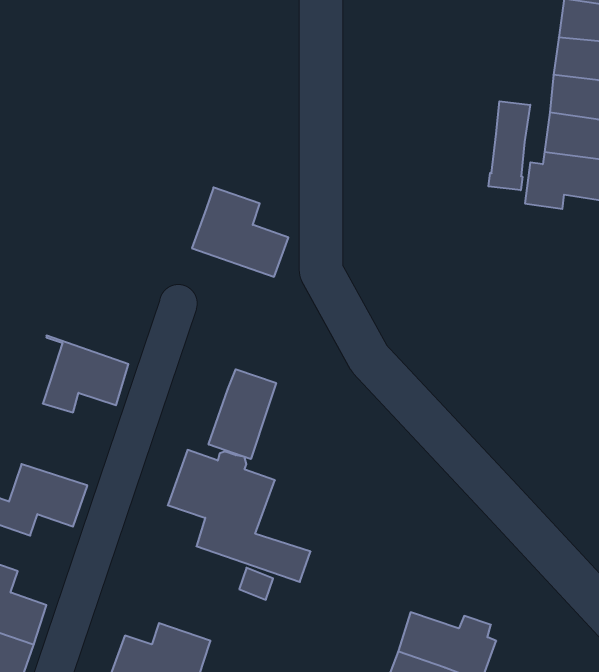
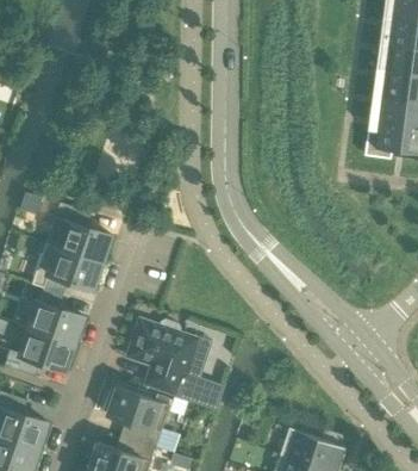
building: [488,101,530,190] -> none
building: [192,187,288,277] -> [45,203,110,262]
building: [209,369,276,459] -> none
building: none -> [29,289,82,343]
building: none -> [106,388,169,447]

